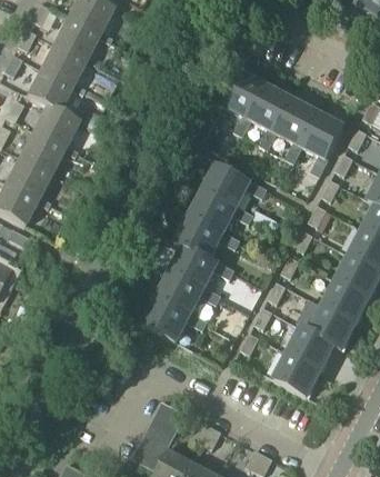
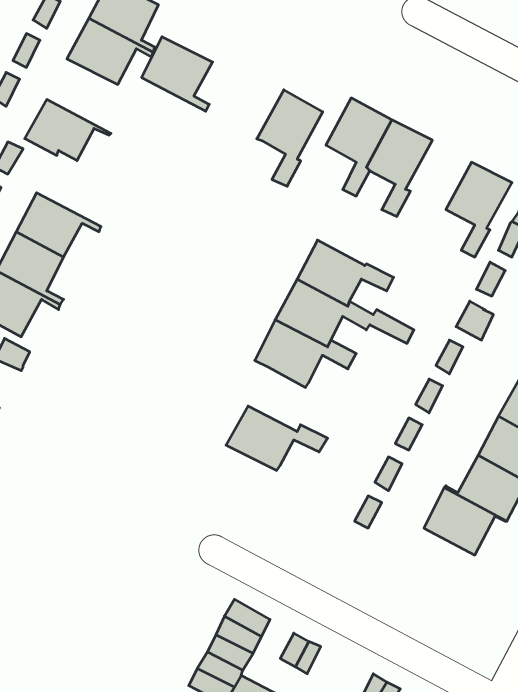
building: [39,43,86,92] -> [142,37,213,111]
building: [274,97,318,160] -> [257,90,323,186]
building: [32,103,78,153] -> none
building: [171,246,237,288] -> none
building: [143,297,209,339] -> none
building: [273,351,320,394] -> none

